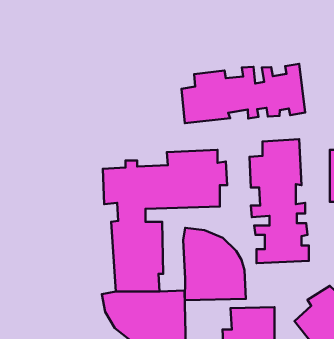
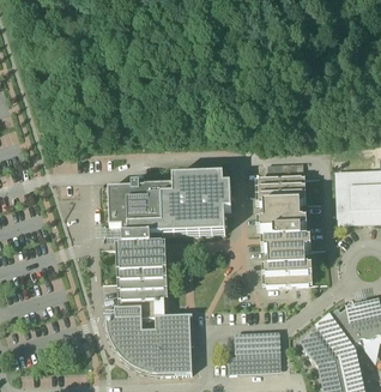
building: [181,64,305,123] -> none
building: [183,228,246,300] -> none

